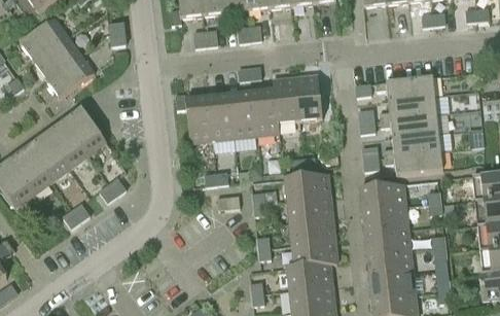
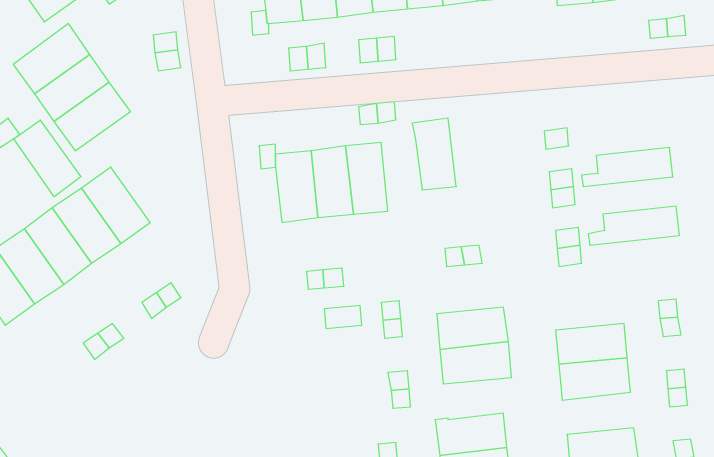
building: [295,74,323,119] -> none
building: [377,75,435,100] -> none
building: none -> [14,120,81,197]
building: [253,90,280,135] -> none
building: [381,113,439,137] -> none
building: [385,150,443,174] -> none
building: [285,173,330,200] -> none
building: [360,182,406,210] -> none
building: [292,240,337,267] -> none
building: [367,249,413,276] -> none

